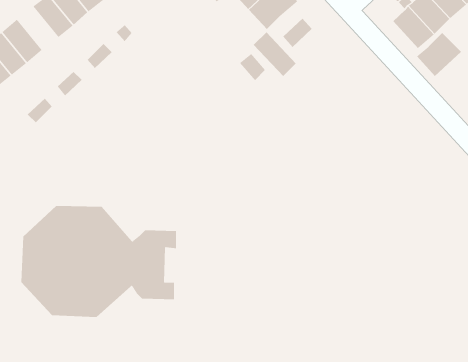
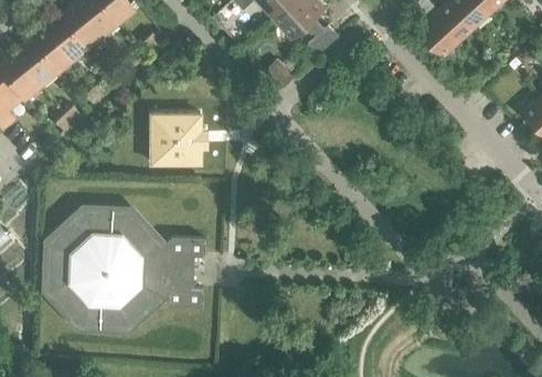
building: none -> [44,15,85,58]
building: [253,32,297,77] -> none
building: [416,32,462,77] -> none
building: none -> [149,114,200,164]

